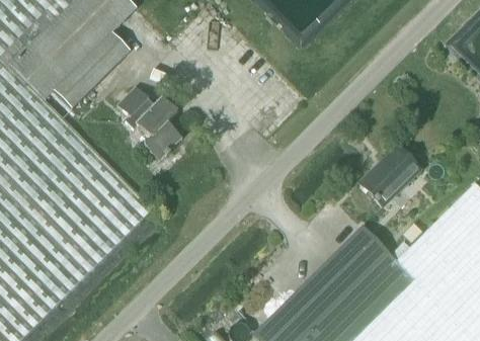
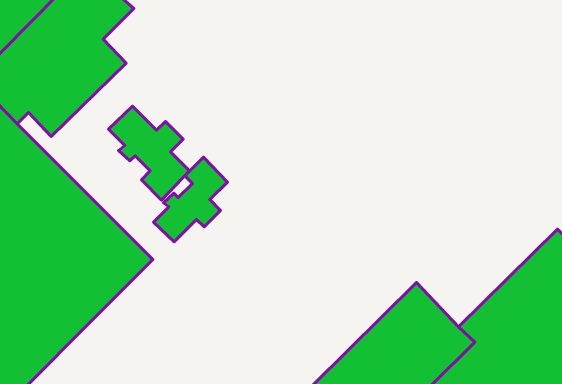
building: none -> [154,157,227,242]
building: [358,148,419,209] -> none

